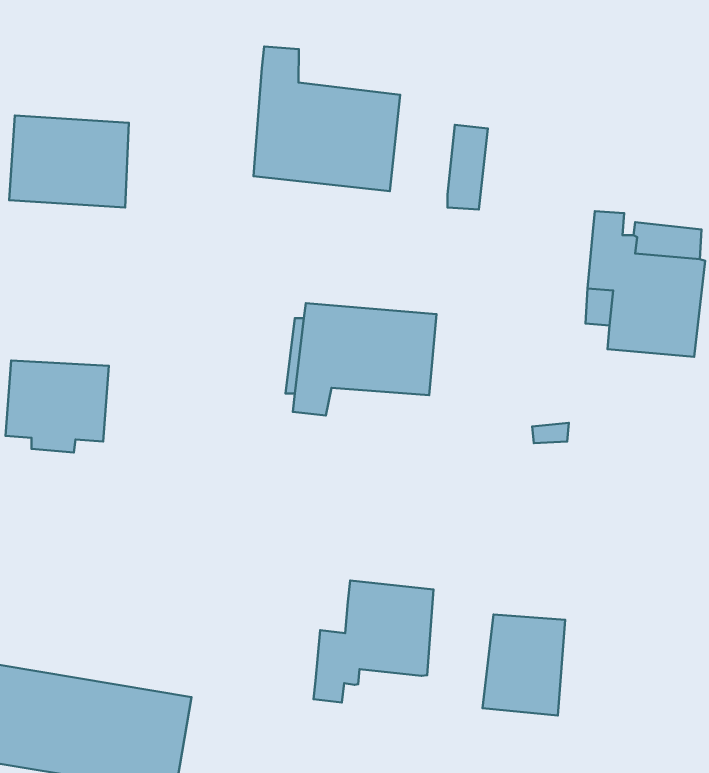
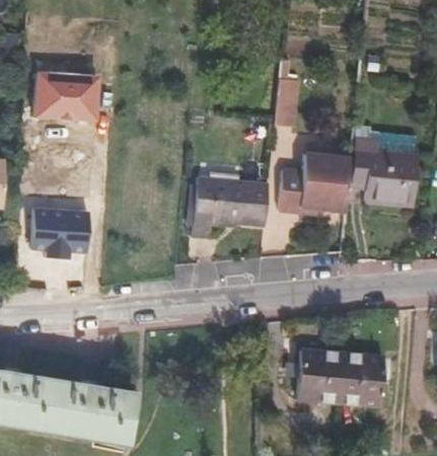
building: [254,46,400,191] -> none
building: none -> [279,152,351,213]
building: [314,580,434,703] -> none
building: none -> [337,350,384,405]

